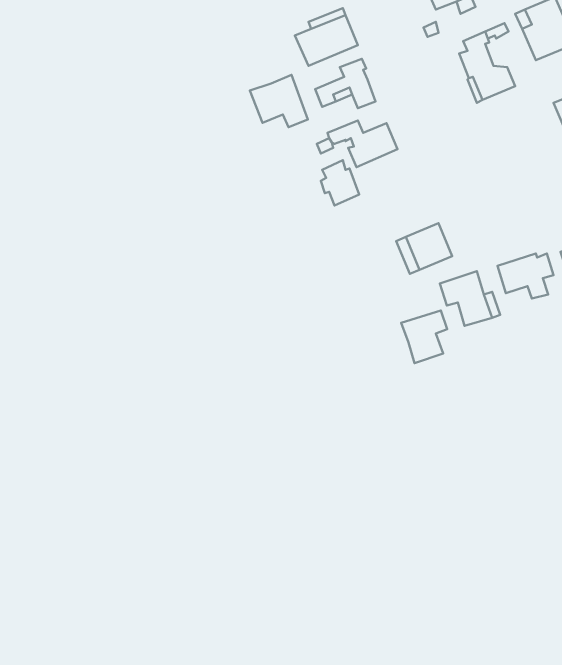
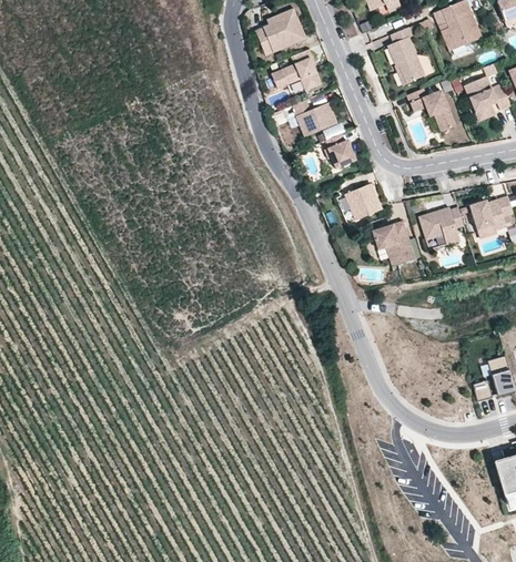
building: [250,75,308,127] -> none
building: none -> [406,88,455,131]
building: [321,160,359,205] -> [324,132,355,168]
building: [401,310,447,363] -> none

